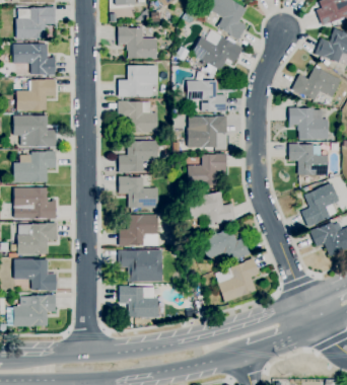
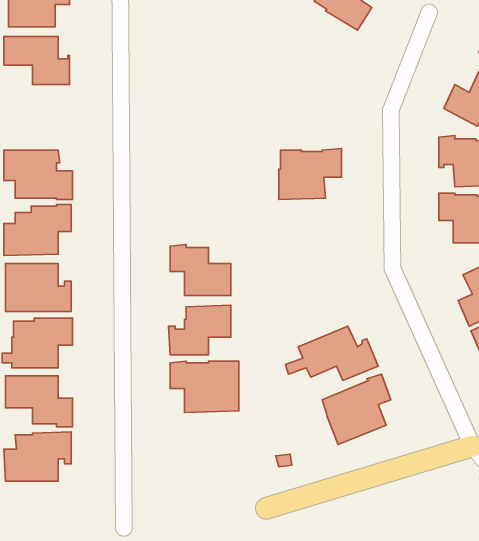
building: [118,28,157,59] -> none
building: [191,30,244,72] -> none
building: [119,66,157,97] -> none
building: [16,79,55,110] -> none
building: [187,81,225,112] -> none
building: [118,101,157,133] -> none
building: [119,142,157,173] -> none
building: [187,155,225,186] -> none
building: [187,191,235,226] -> none
building: [119,287,158,318] -> none

